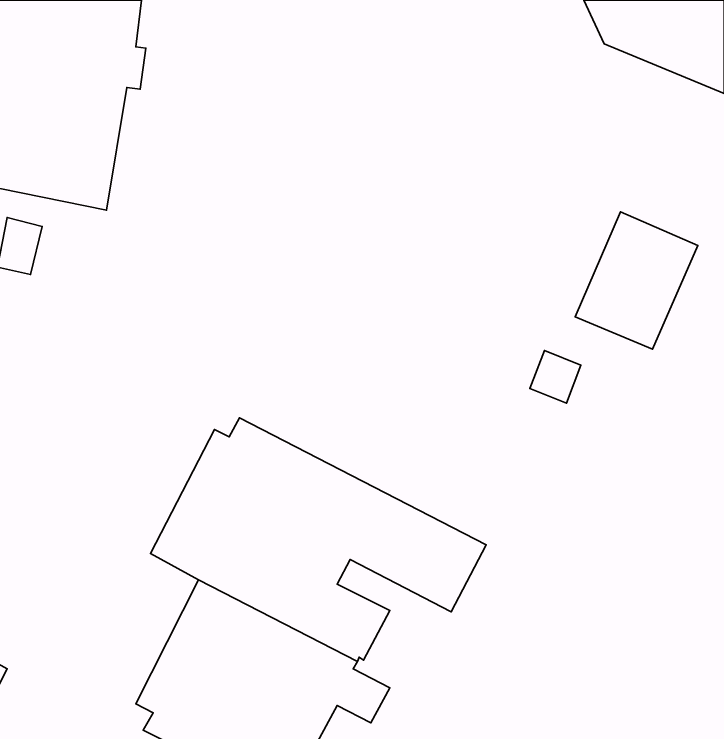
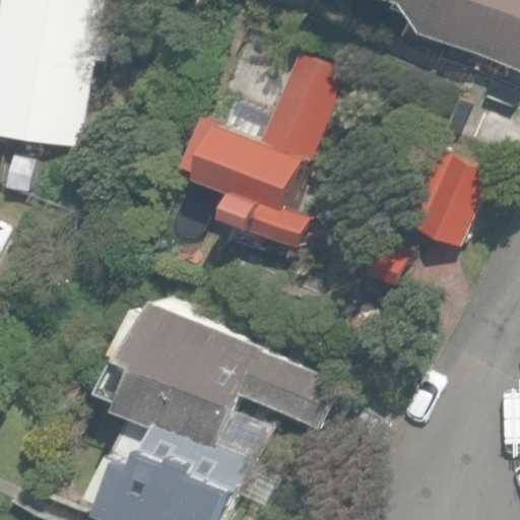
building: none -> [182,54,344,248]

